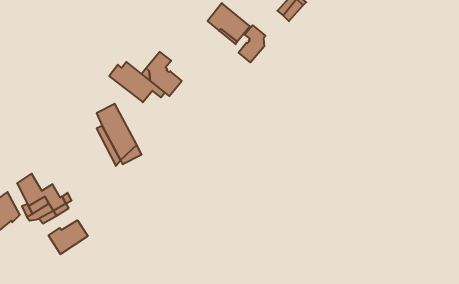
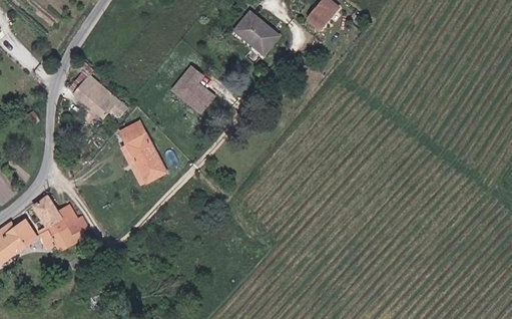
building: [239,25,265,62] -> none
building: [109,62,165,102] -> [73,74,131,116]
building: [49,220,88,254] -> none

